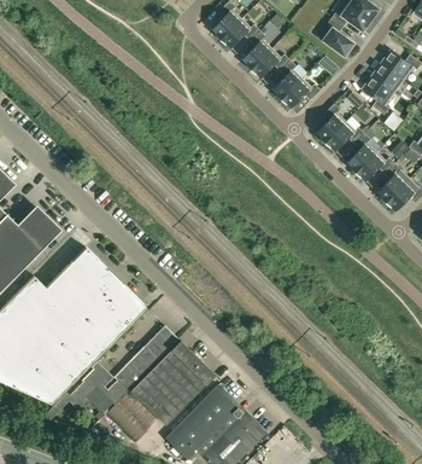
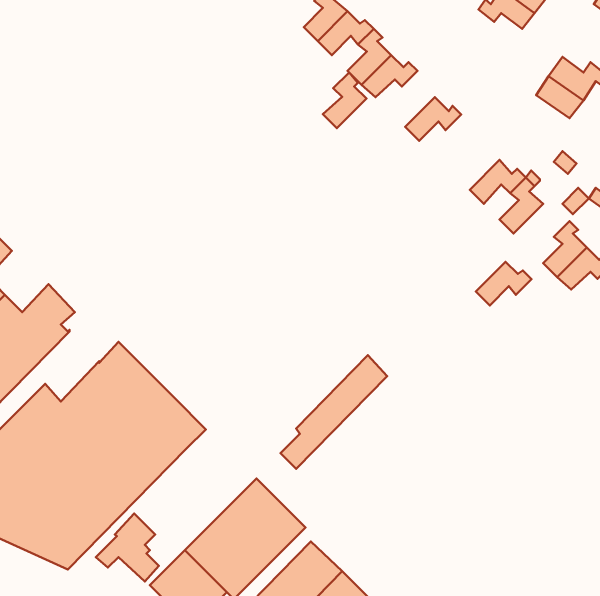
building: [322,18,354,57] -> none
building: [272,60,303,99] -> [323,72,367,128]
building: [363,77,395,116] -> none
building: [317,104,347,143] -> none
building: [357,152,395,182] -> [476,262,532,305]
building: [104,326,177,405] -> [281,355,387,469]

